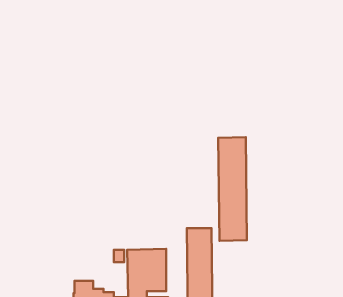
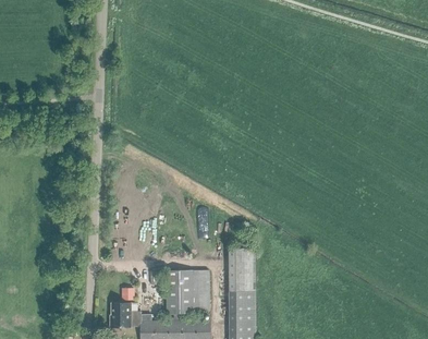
building: [218,137,247,241] -> none

